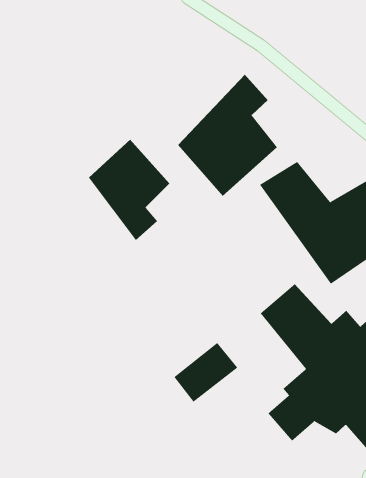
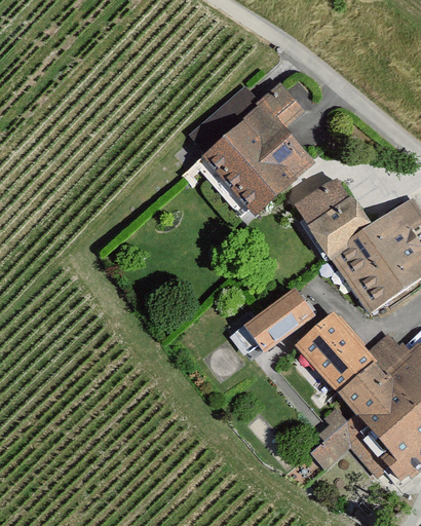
building: [88,139,170,241] -> none
building: [173,342,238,402] -> [241,286,312,351]

